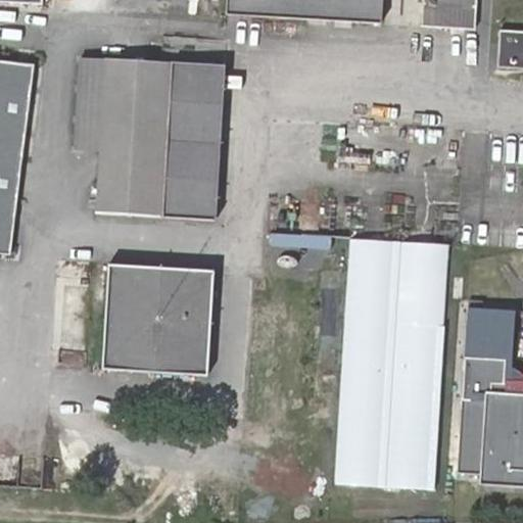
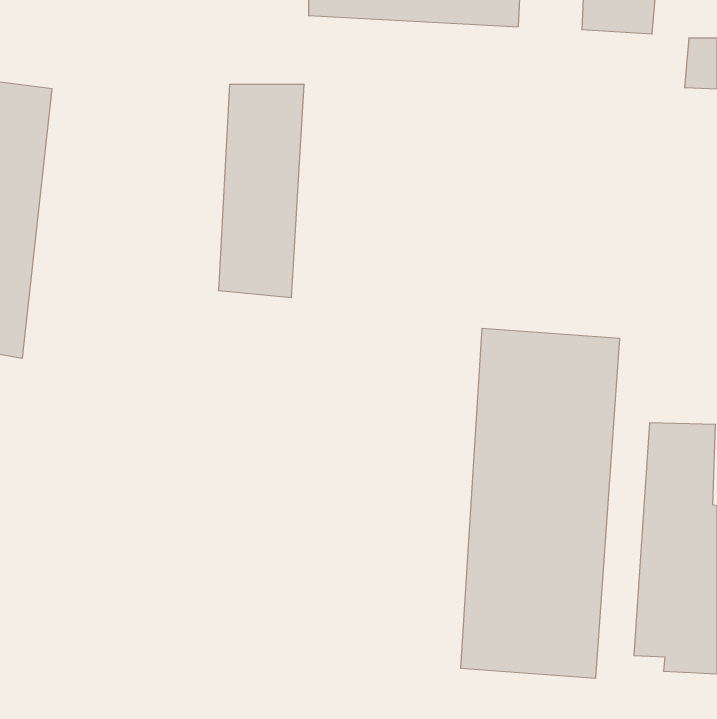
building: [76,56,167,210] -> none
building: [100,263,208,370] -> none

